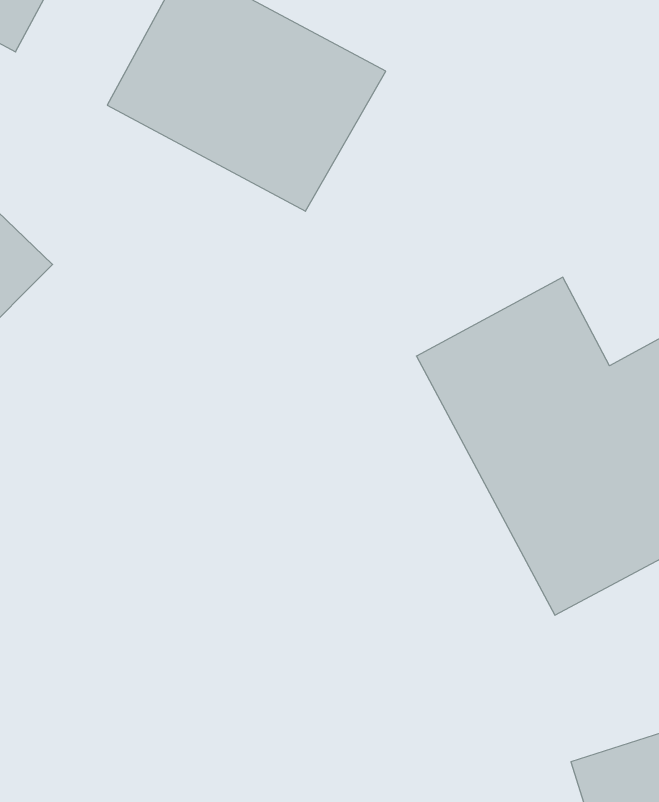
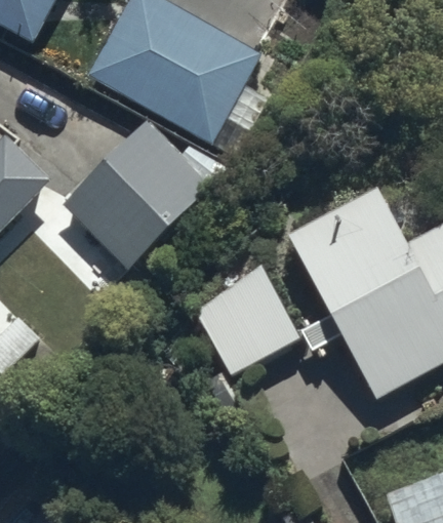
building: none -> [58,125,208,275]
building: none -> [189,262,304,379]

